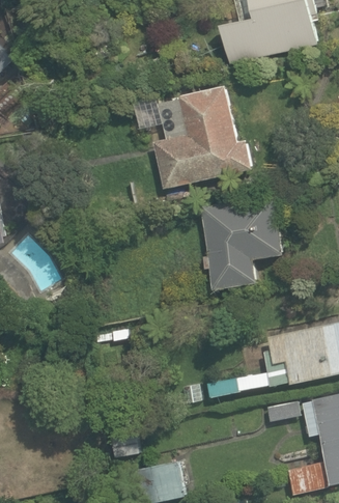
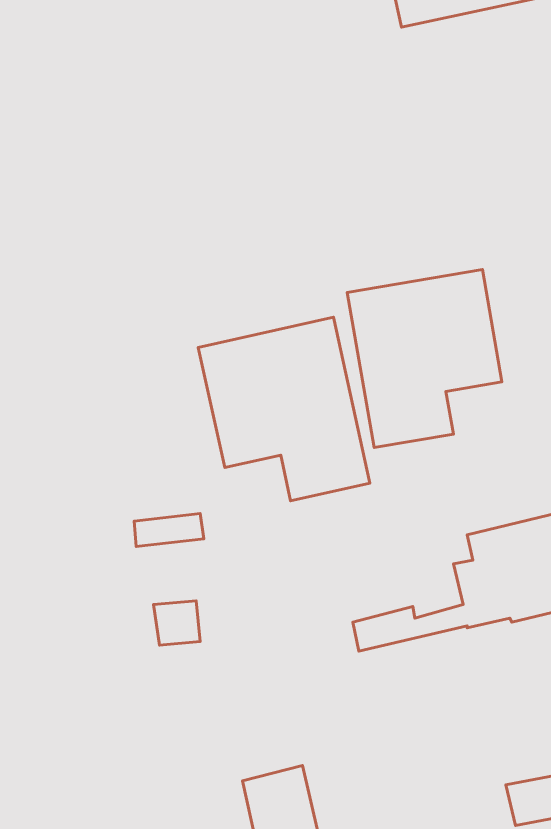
building: [152,86,252,189] -> none
building: none -> [198,317,370,501]

